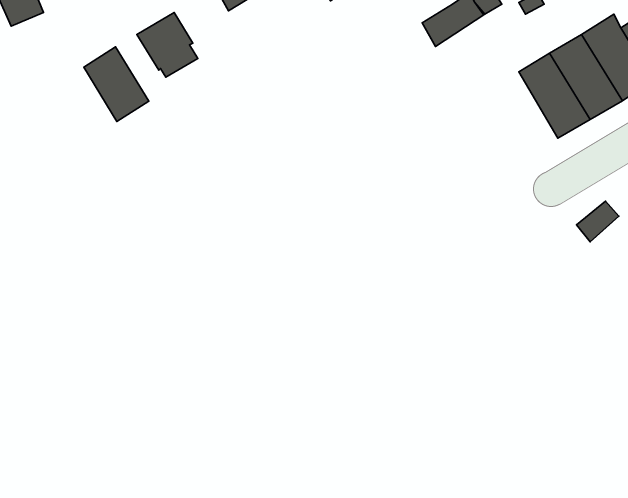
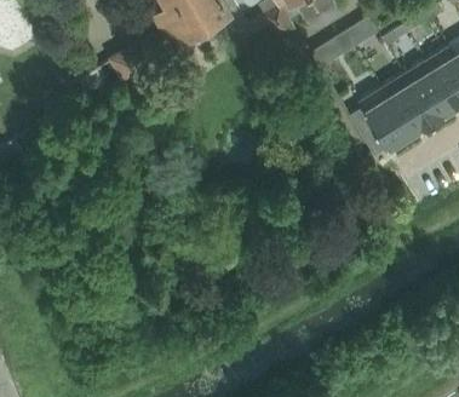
building: [84,47,149,122] -> none
building: none -> [357,87,408,148]

